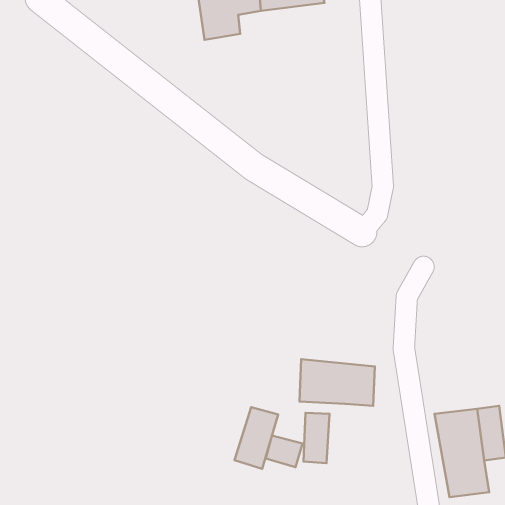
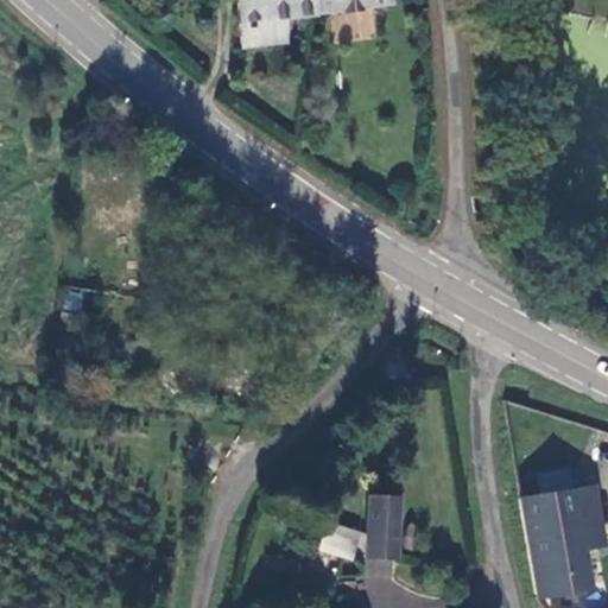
building: [300,359,375,406] -> none
building: [235,407,278,469] -> none

